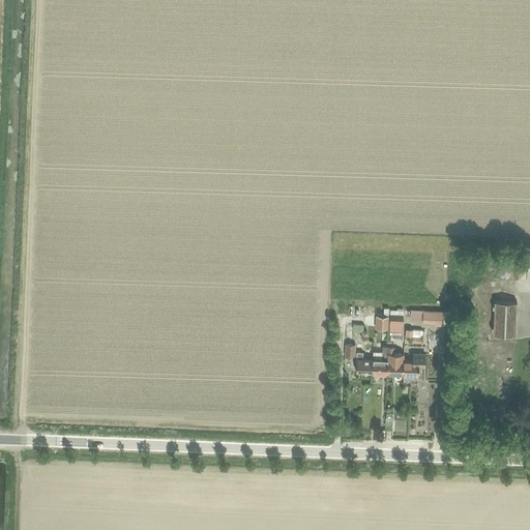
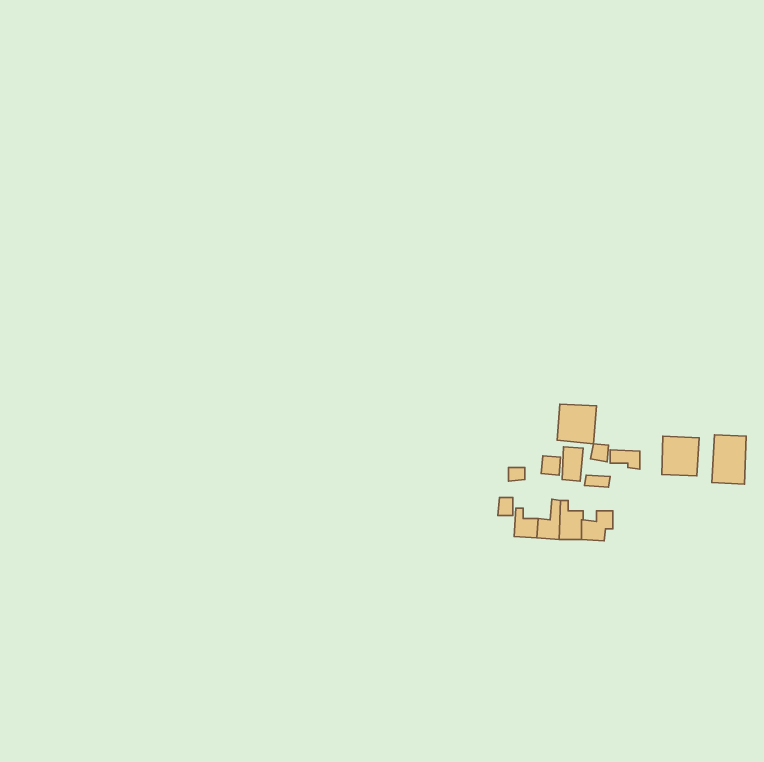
building: none -> [557,404,596,444]
building: none -> [662,436,699,476]

